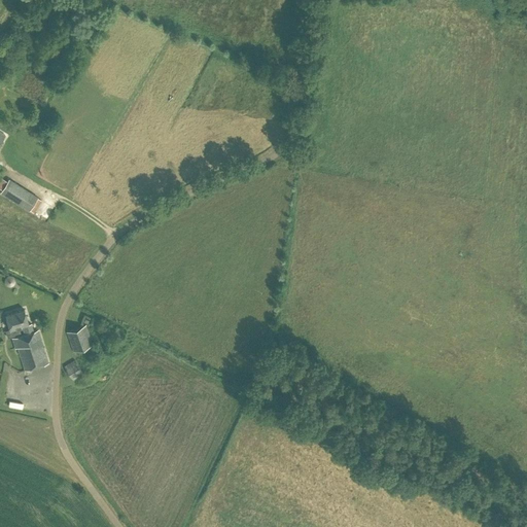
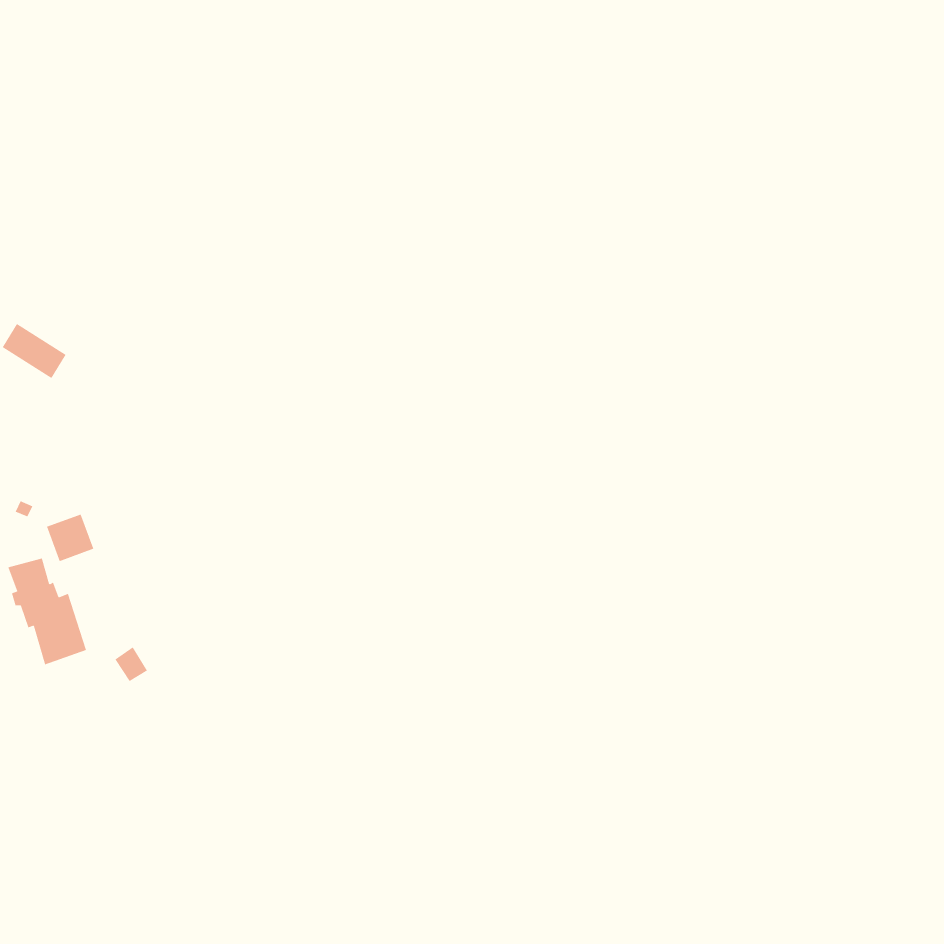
building: [66,325,93,352] -> [46,514,94,562]

